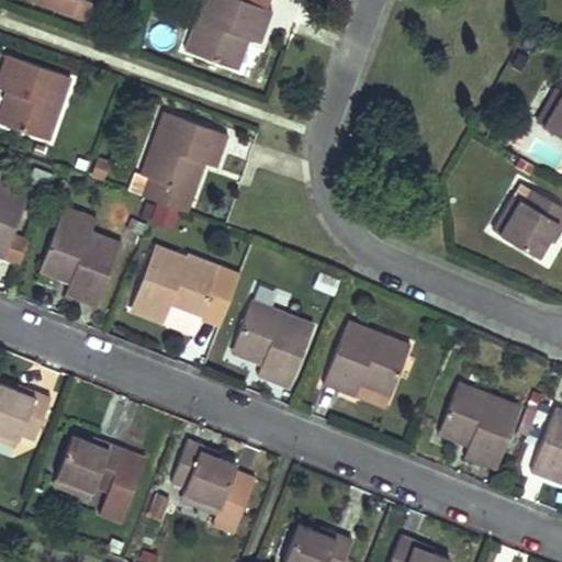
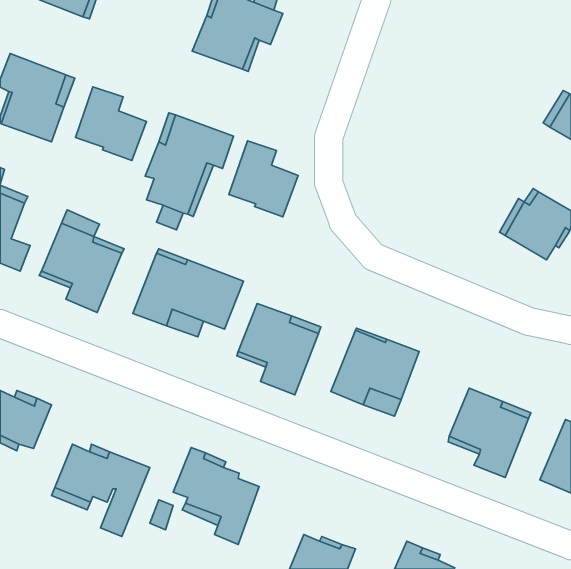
building: none -> [76,87,146,161]
building: none -> [229,141,298,217]

